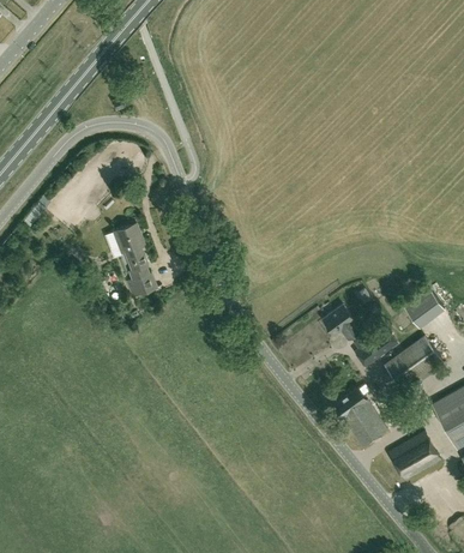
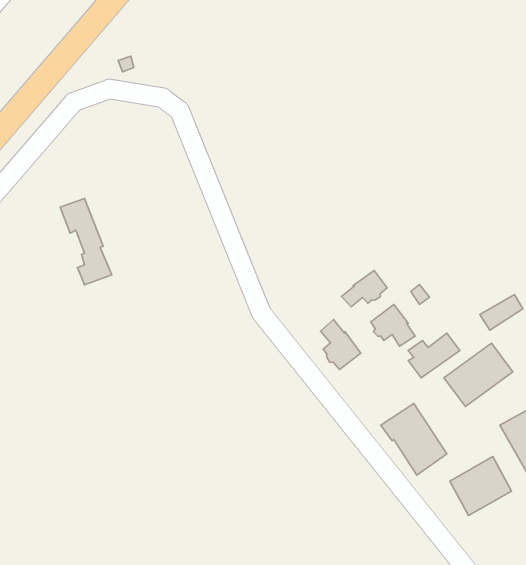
building: [113,226,156,297] -> [60,199,112,285]
building: none -> [341,270,387,307]
building: none -> [320,319,361,369]

